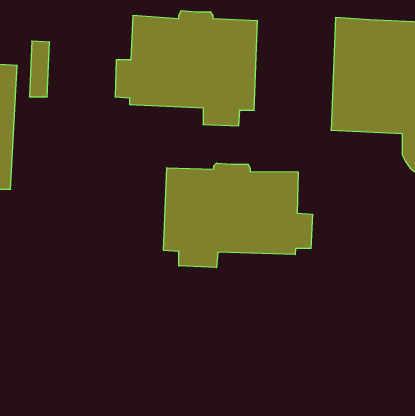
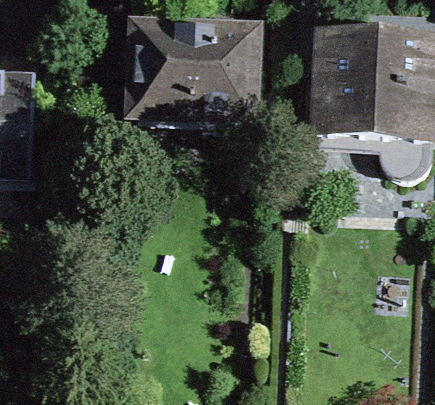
building: [164,163,313,268] -> none

